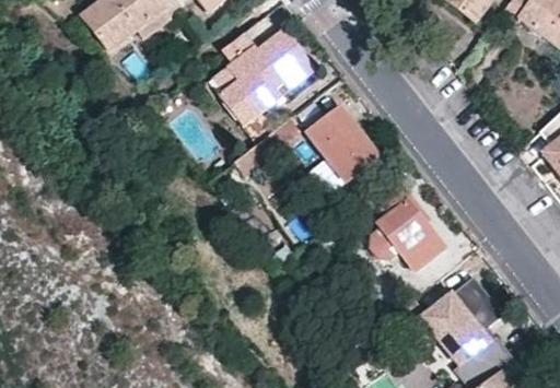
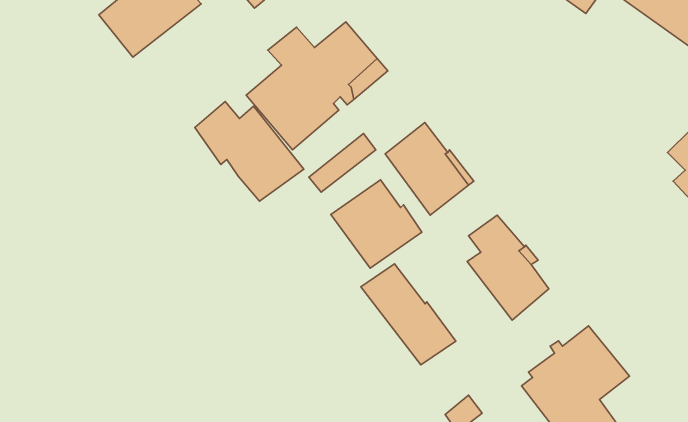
building: none -> [195,101,304,201]
building: none -> [331,180,422,268]
building: none -> [361,264,456,365]

